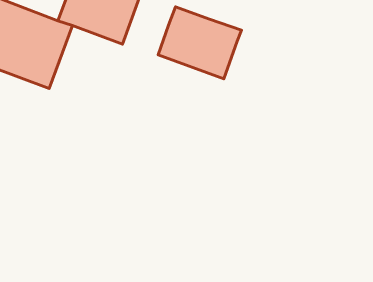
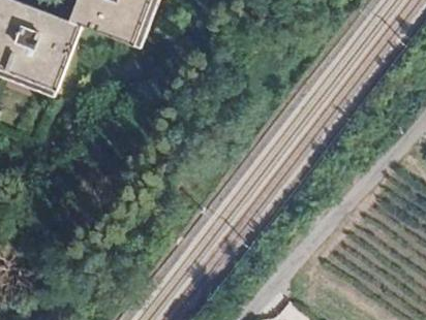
building: [158,7,242,79] -> none

